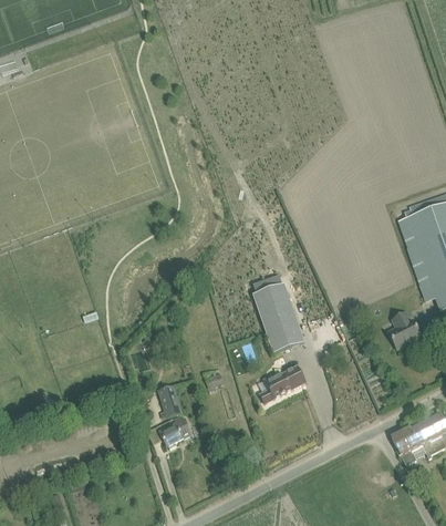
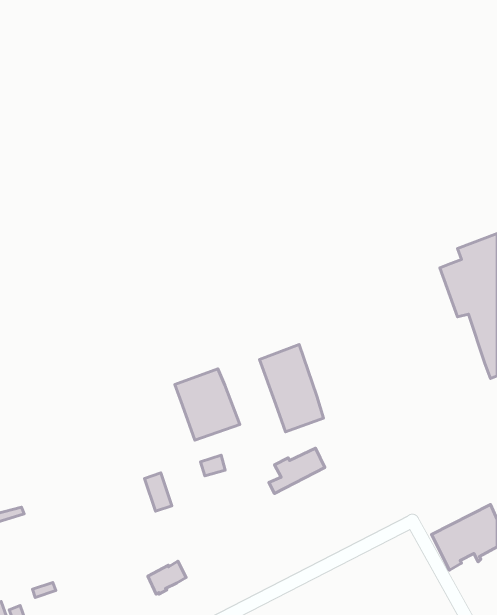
building: none -> [175,369,240,440]
building: [386,311,419,348] -> none
building: [159,420,190,446] -> [148,561,186,594]

